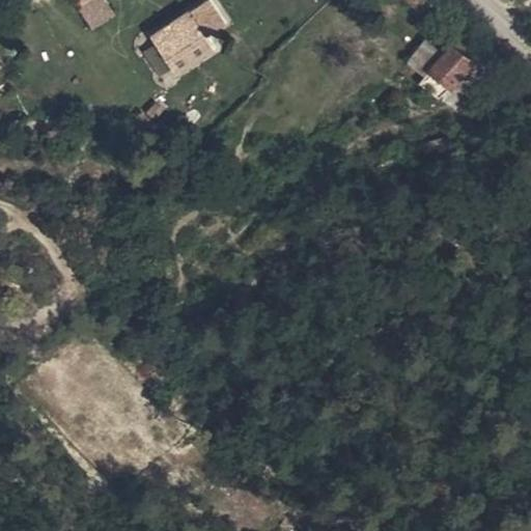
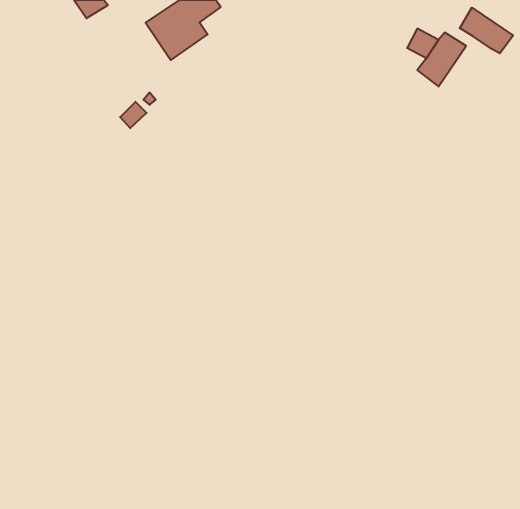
building: none -> [460,8,513,53]

